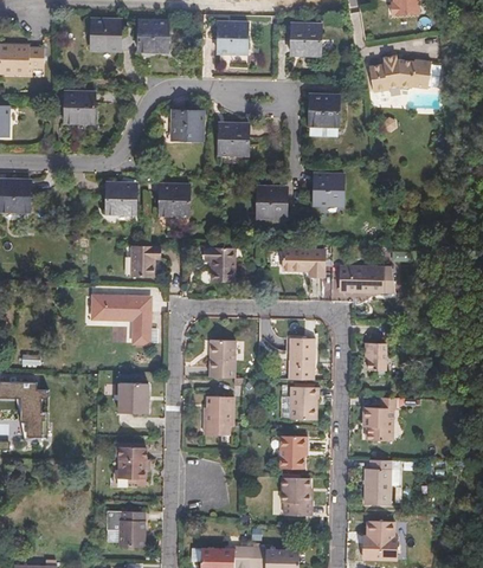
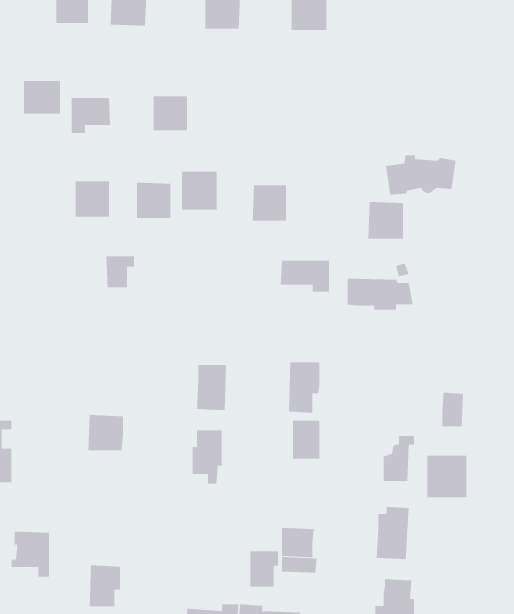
building: [369,57,430,91] -> [385,155,456,195]
building: [308,102,339,128] -> none
building: none -> [71,97,110,134]
building: [218,123,249,156] -> [181,171,217,210]
building: [313,174,343,206] -> [368,202,404,239]
building: [211,247,234,284] -> none
building: [89,296,150,342] -> none
building: [366,342,385,372] -> [442,392,464,427]
building: none -> [427,455,467,498]
building: [282,437,307,467] -> [249,551,279,587]
building: [112,446,146,485] -> [11,531,50,577]

